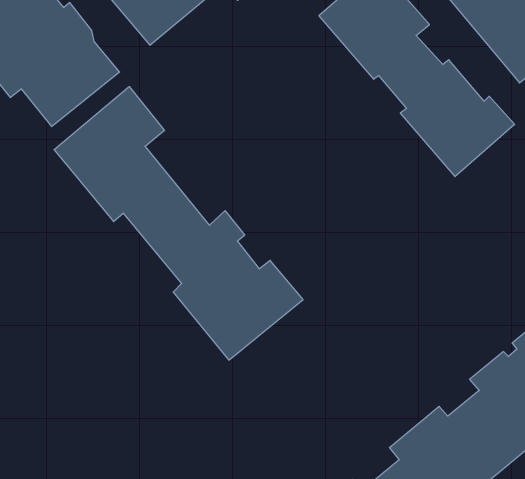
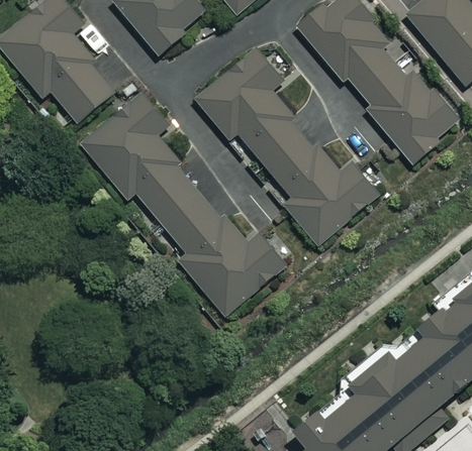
building: none -> [195,48,378,246]

